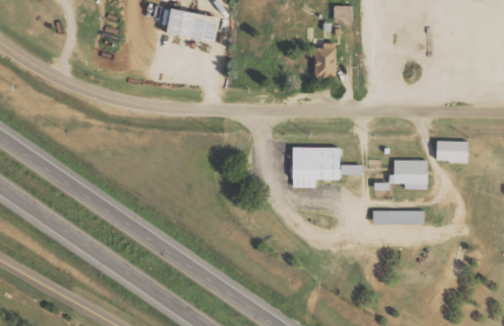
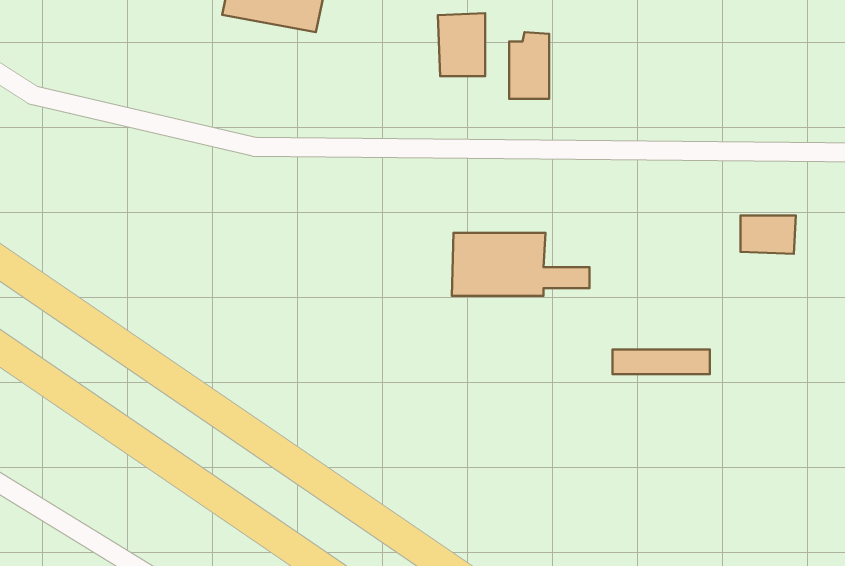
building: none -> [438,13,485,76]
building: [388,160,426,189] -> none

